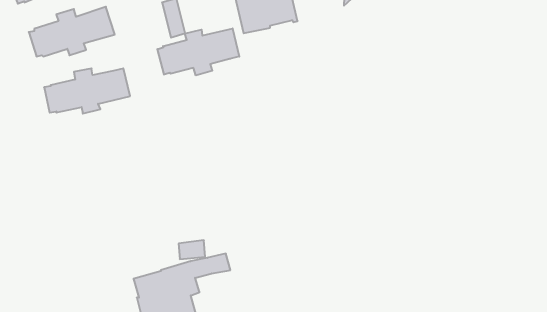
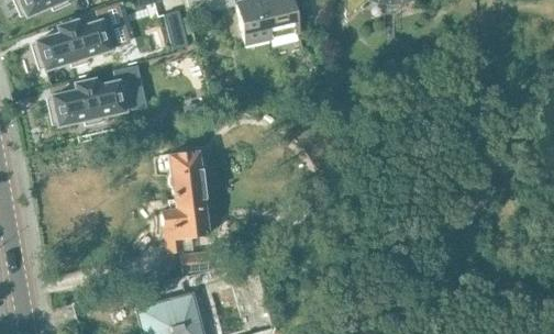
building: [157,28,239,75] -> none
building: none -> [163,149,211,249]

